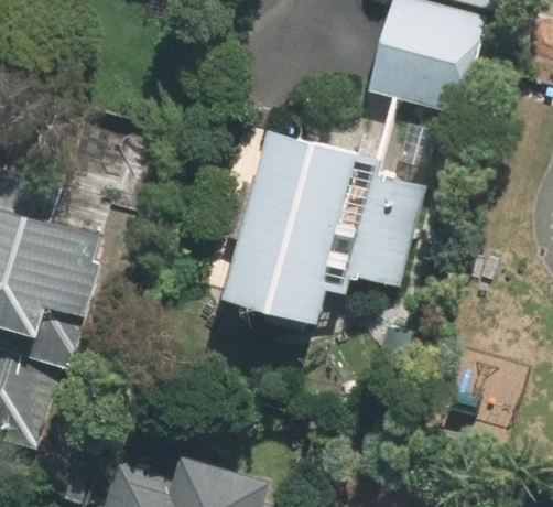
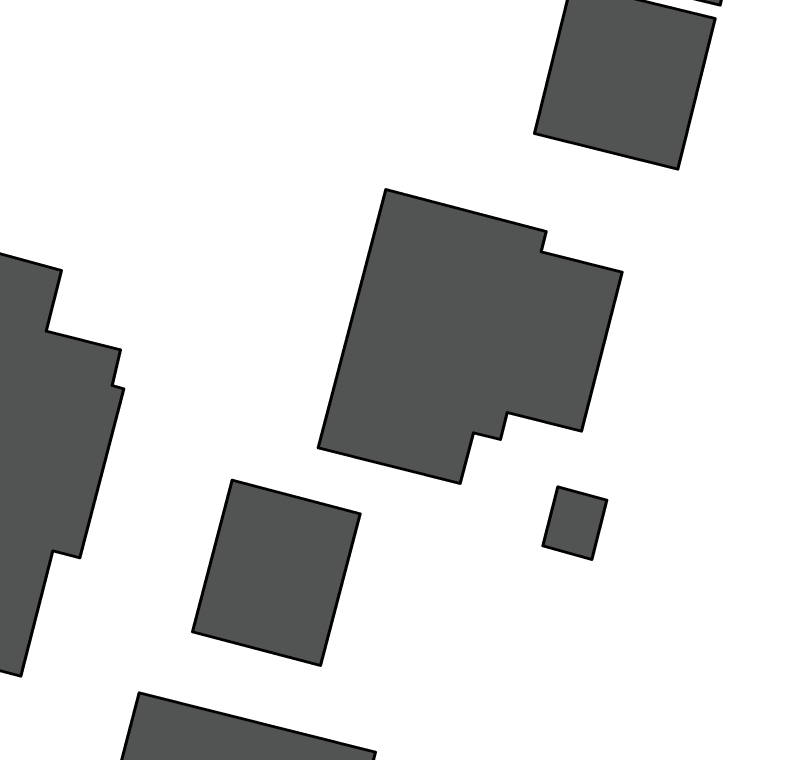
building: none -> [192,480,360,665]

